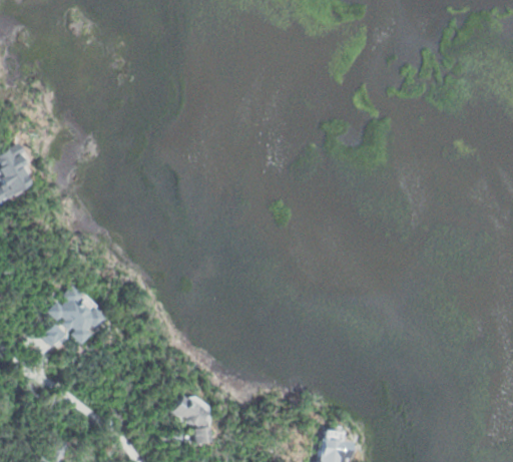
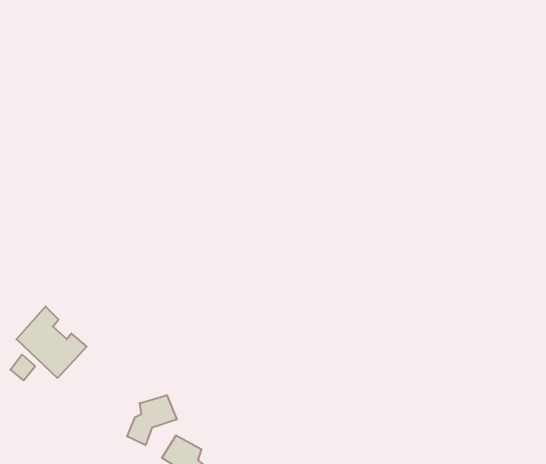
building: none -> [127,395,177,445]

